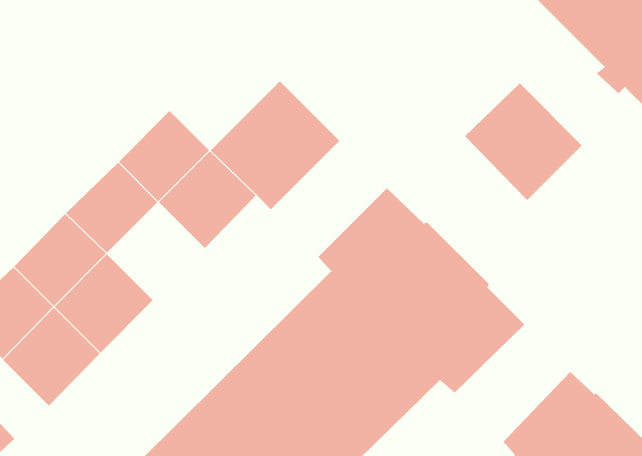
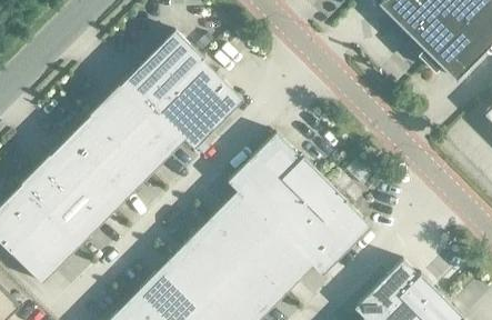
building: none -> [125,32,203,108]
building: [464,83,583,201] -> none
building: none -> [82,143,150,211]

